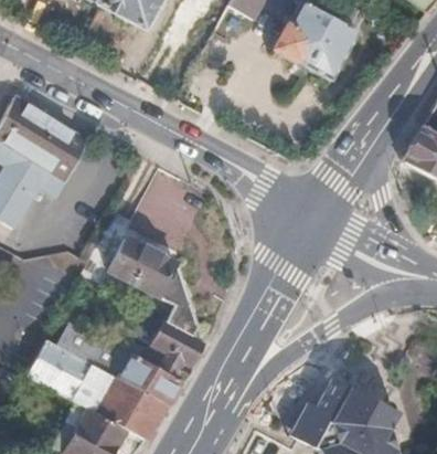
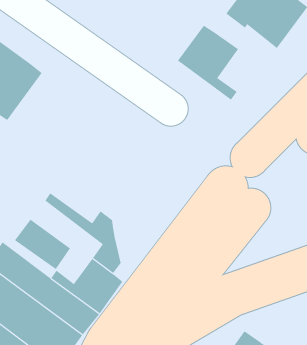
building: none -> [177,25,239,100]
building: [114,235,173,284] -> [14,219,71,270]

